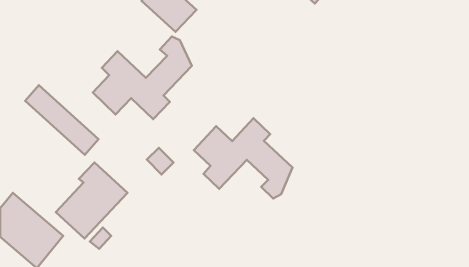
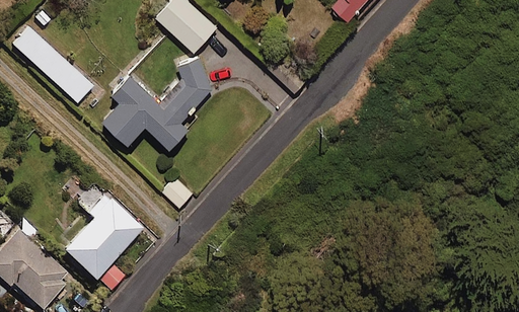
building: [25,85,99,155] -> [10,27,91,104]
building: [194,118,293,198] -> none

